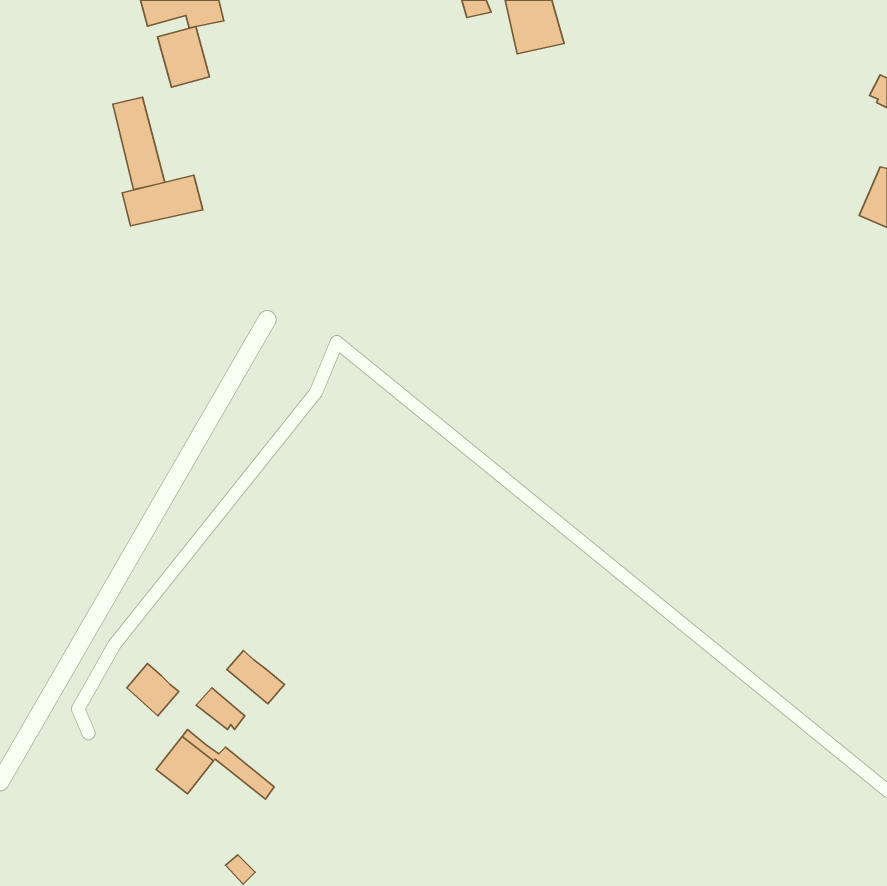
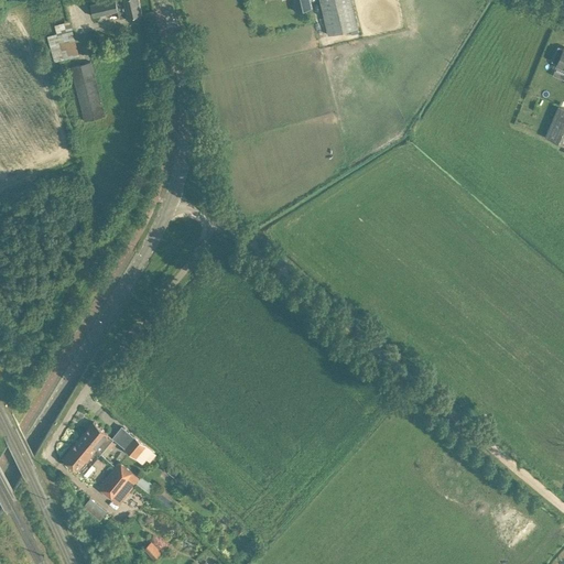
building: [158,26,210,87] -> [46,24,79,63]
building: [122,175,203,226] -> none
building: [227,650,284,704] -> none
building: none -> [63,437,100,476]

